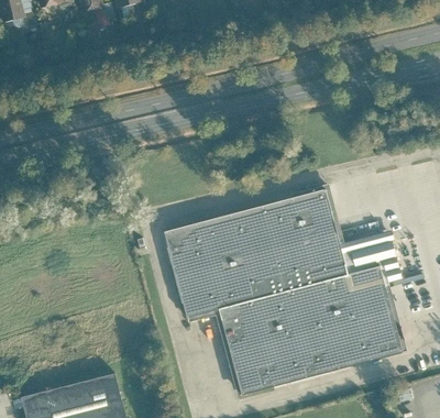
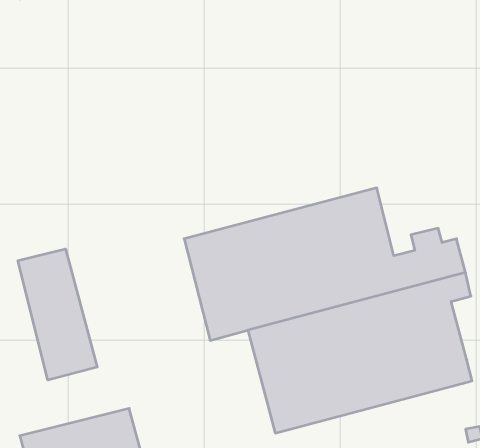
building: none -> [18,249,97,380]

